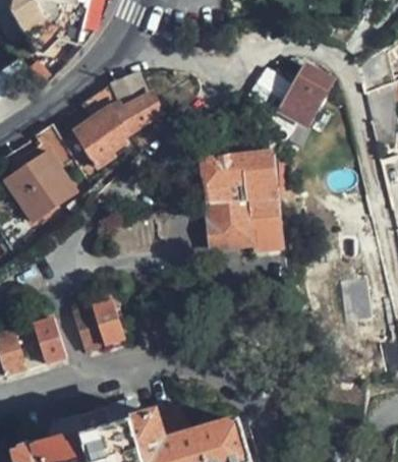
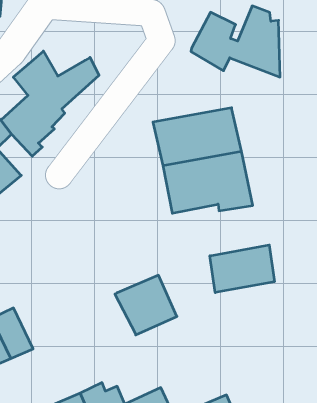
building: [111,71,148,108] -> none
building: none -> [210,245,274,293]
building: [71,297,125,349] -> [115,275,177,335]

